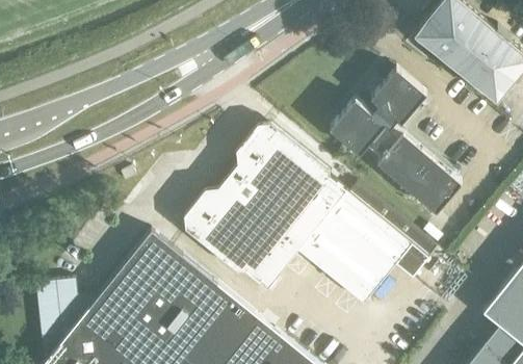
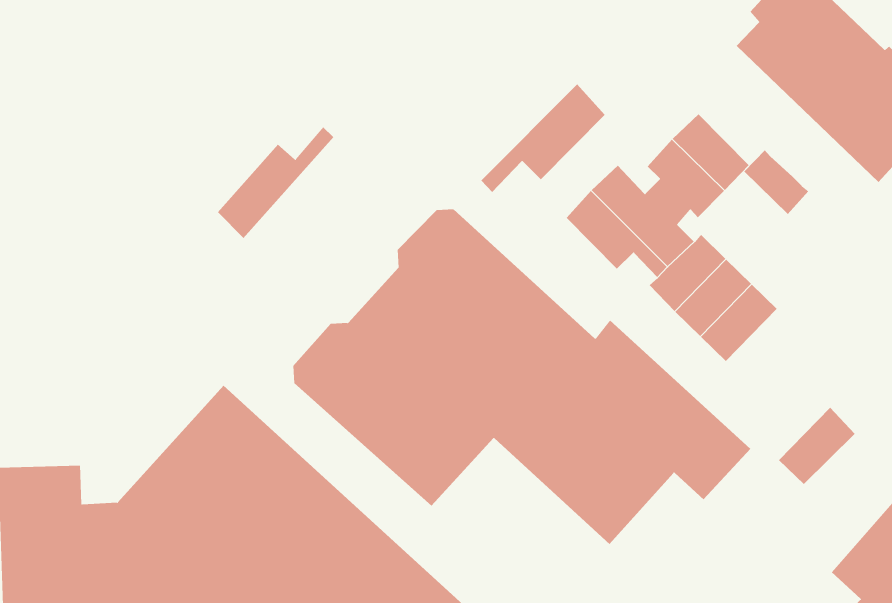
building: none -> [480,83,605,193]
building: none -> [744,150,809,215]
building: none -> [217,127,334,239]
building: [420,173,461,215] -> [778,407,856,485]

